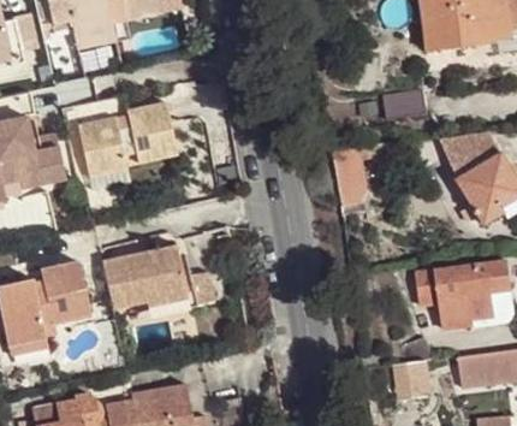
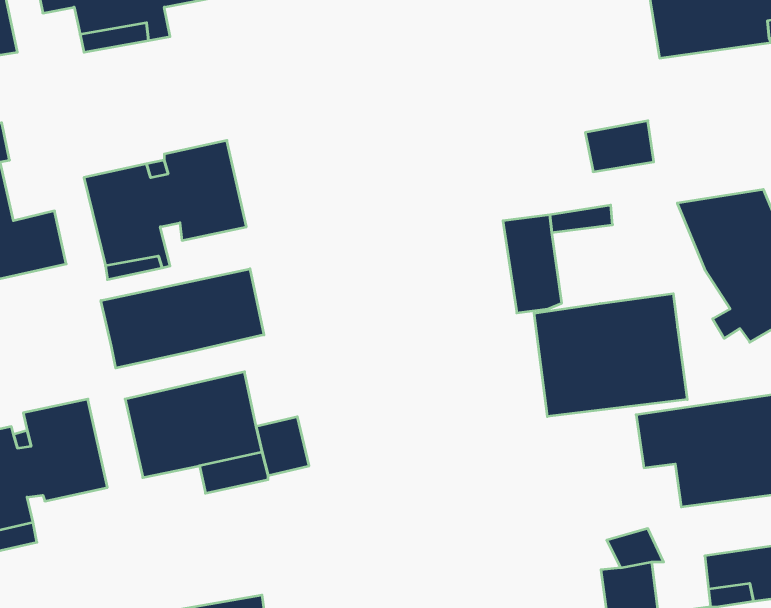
building: none -> [101,269,264,368]
building: none -> [534,294,687,417]

